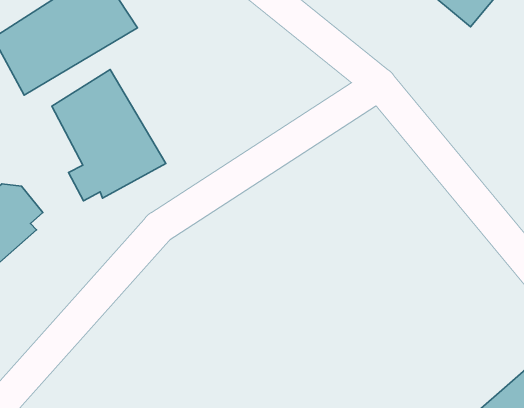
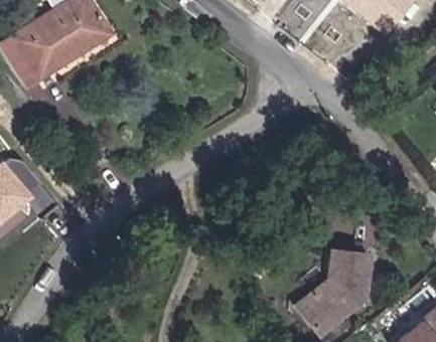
building: [52,69,166,201] -> none
building: none -> [292,246,373,336]

